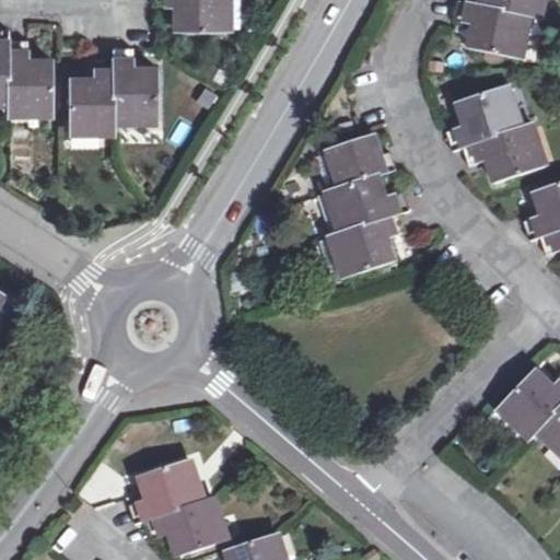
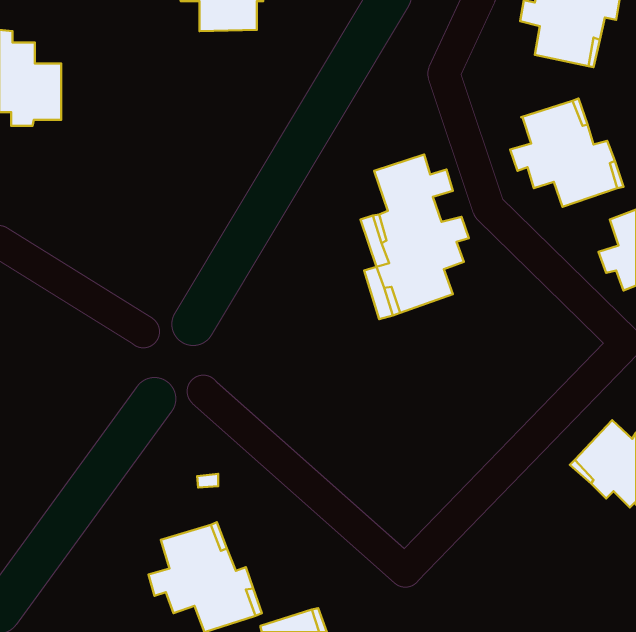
building: [70,45,158,129] -> none

